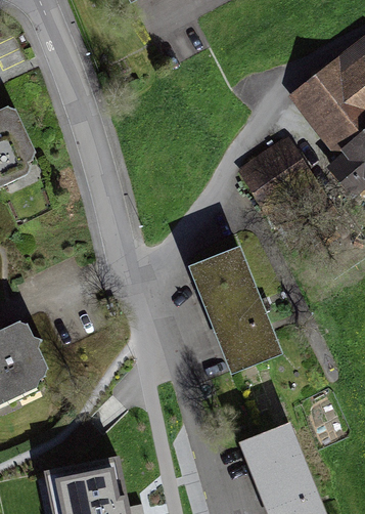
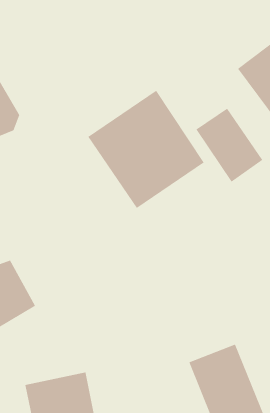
building: none -> [87,90,205,209]
building: [189,247,278,369] -> none

